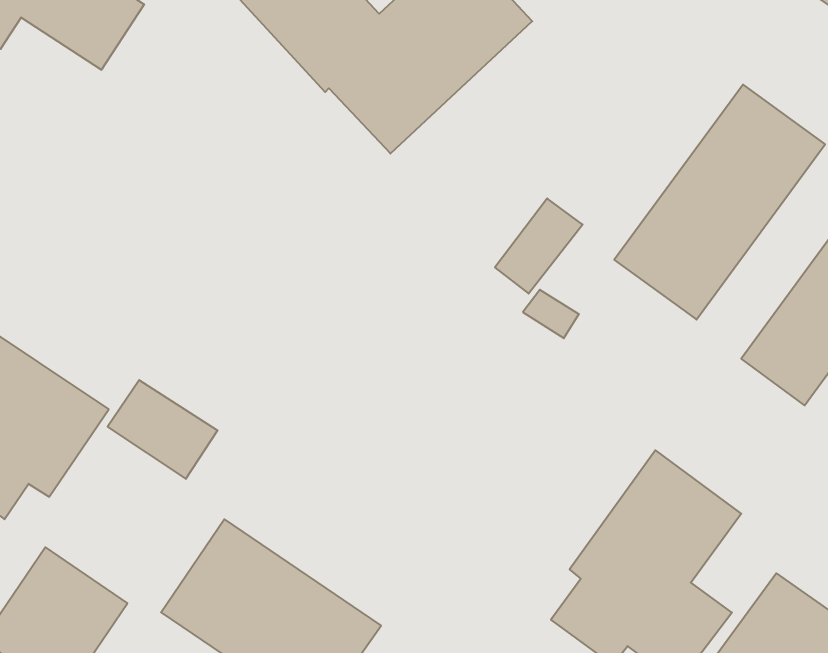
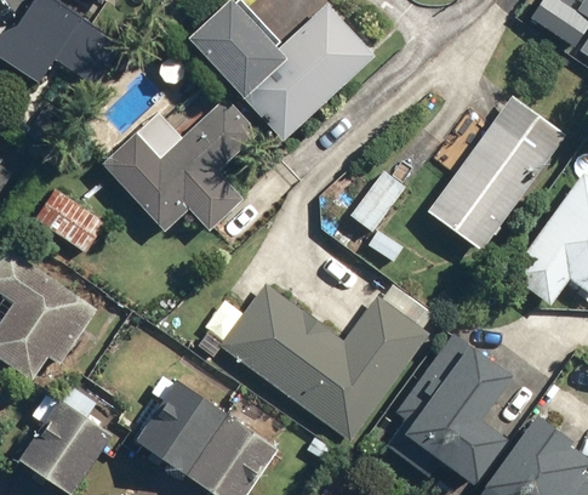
building: none -> [101,96,261,232]
building: none -> [221,283,430,440]
building: [108,380,218,479] -> [36,187,108,251]

